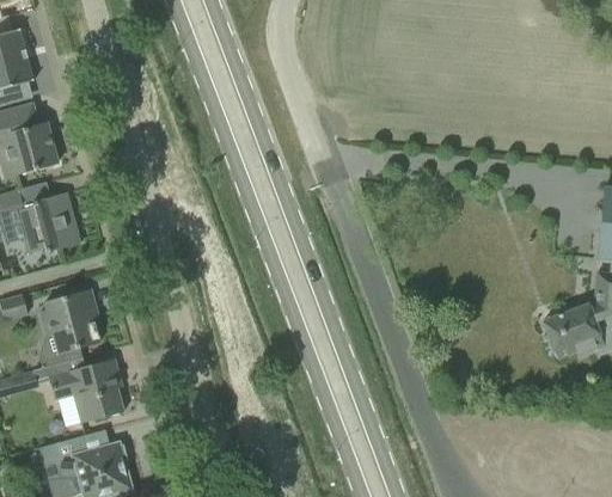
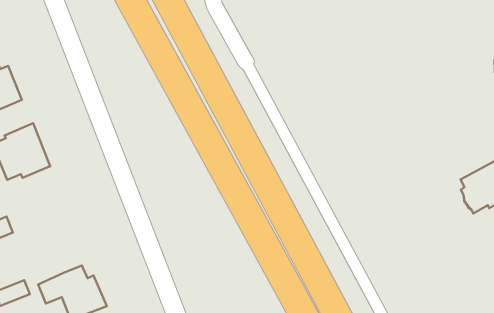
building: [37,288,98,367] -> none

